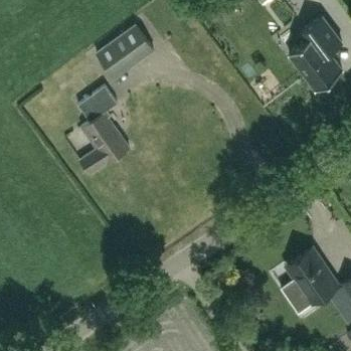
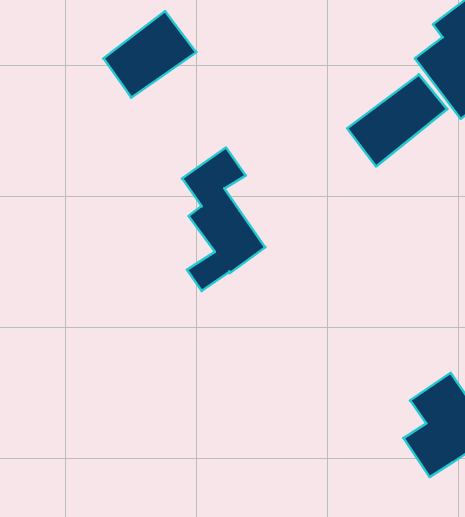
building: none -> [347,74,447,166]
building: [78,87,130,176] -> [182,148,265,291]

